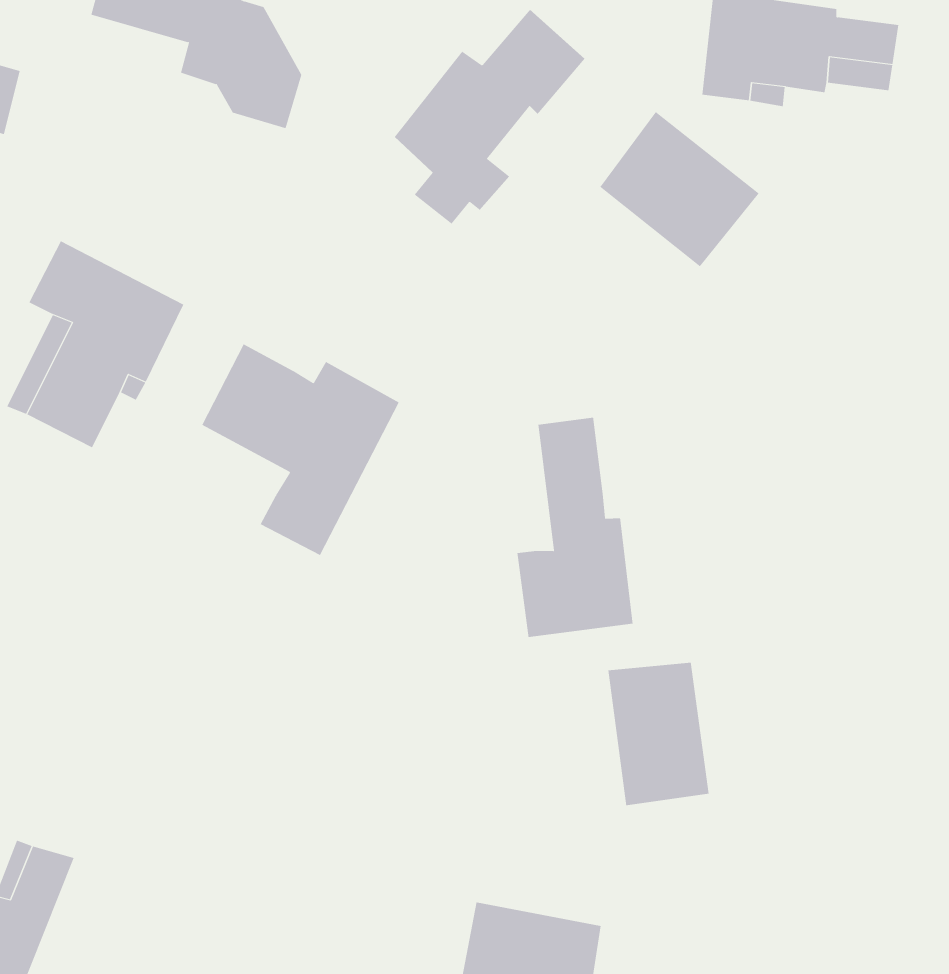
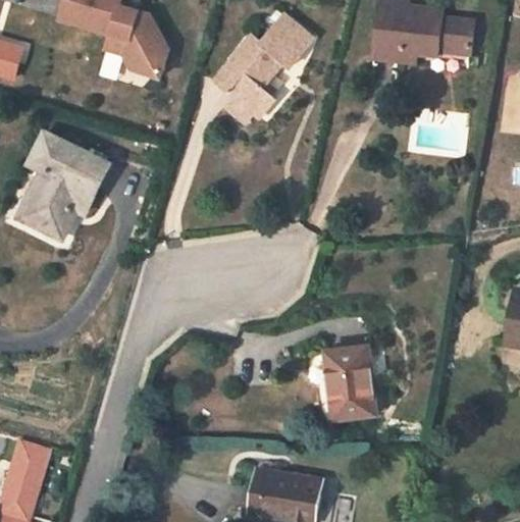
building: [600,111,759,267] -> none
building: [201,344,399,556] -> none
building: [517,417,633,638] -> none

